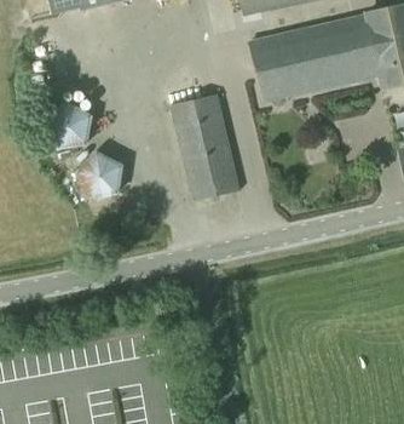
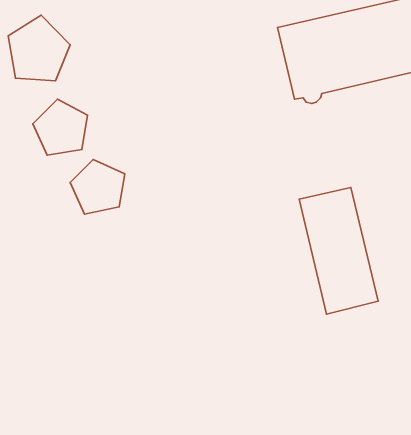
building: none -> [8,15,70,81]
building: [172,94,238,201] -> [299,188,378,314]

